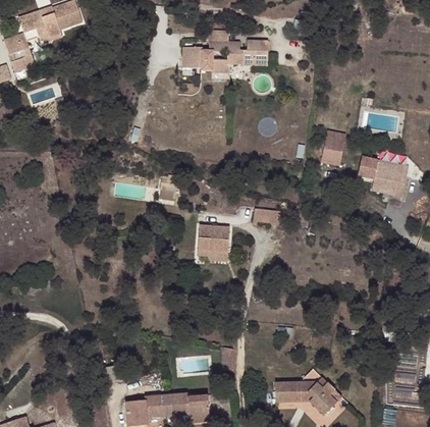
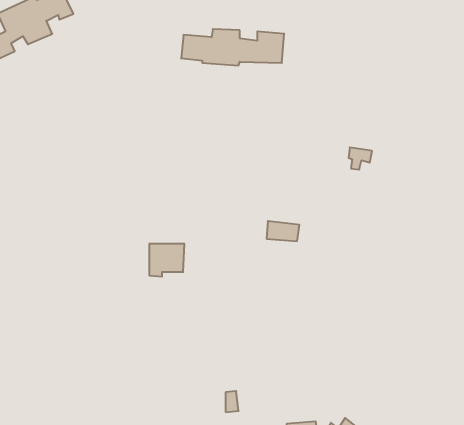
building: [354,156,407,201] -> none
building: [189,226,219,255] -> [149,244,184,277]

